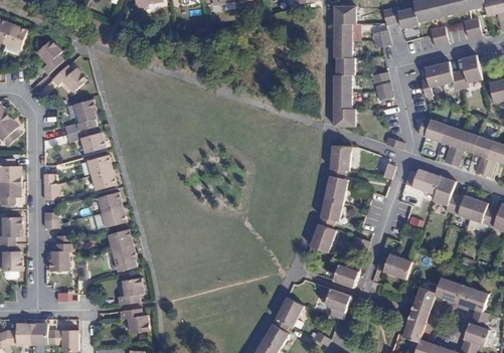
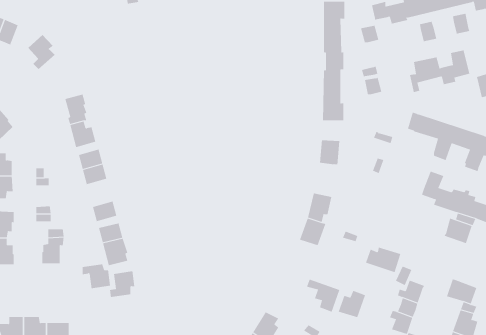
building: [50,65,87,94] -> none
building: [323,169,348,203] -> none
building: [403,169,441,195] -> none
building: [96,192,122,213] -> none
building: [333,259,361,288] -> [338,290,366,318]
building: [434,278,463,304] -> [443,218,472,244]
building: [275,297,304,328] -> none
building: [120,309,149,334] -> [82,264,111,289]

